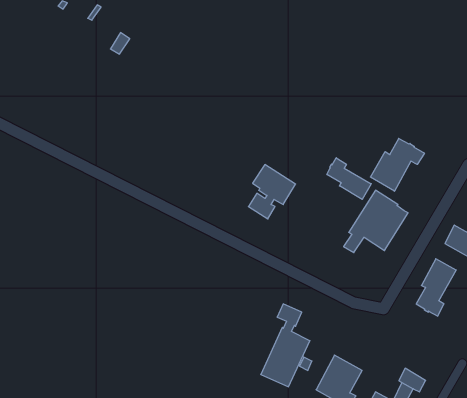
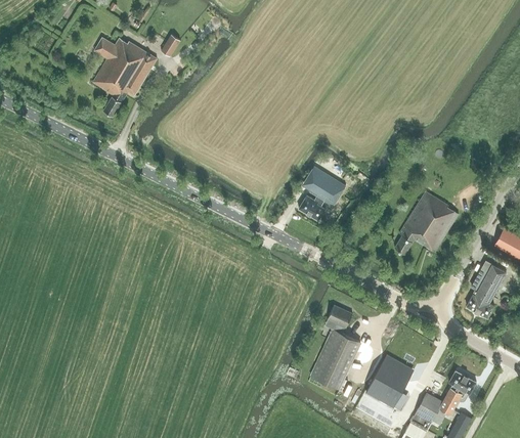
building: none -> [92,37,157,117]
building: [370,138,424,191] -> none
building: [327,158,371,199] -> none

